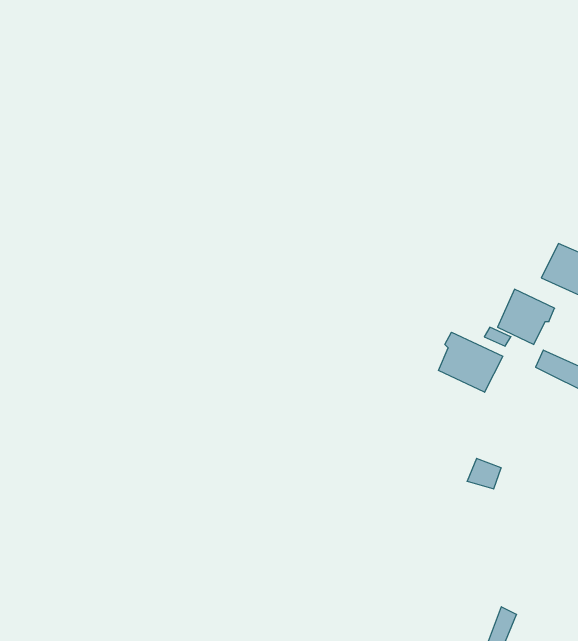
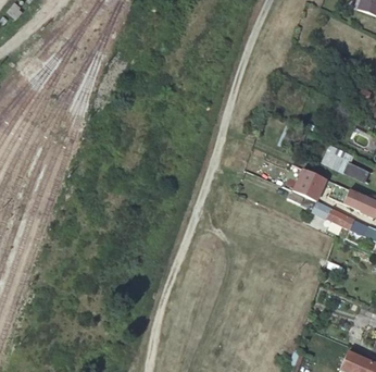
building: [438,332,503,392] -> none

